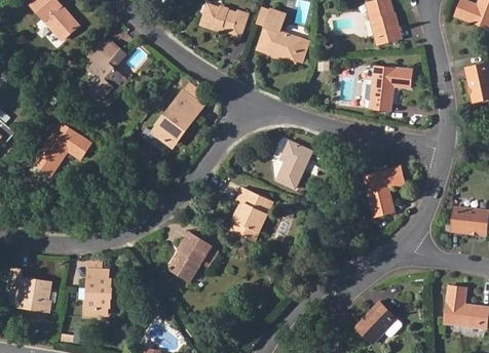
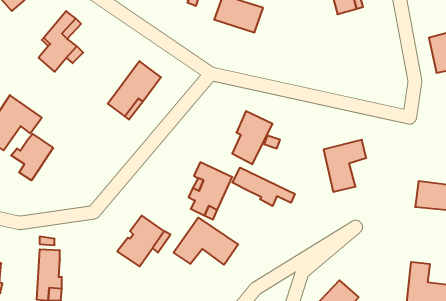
building: [369,66,411,111] -> none
building: none -> [11,134,53,180]
building: none -> [232,168,295,206]
building: none -> [174,218,238,265]

